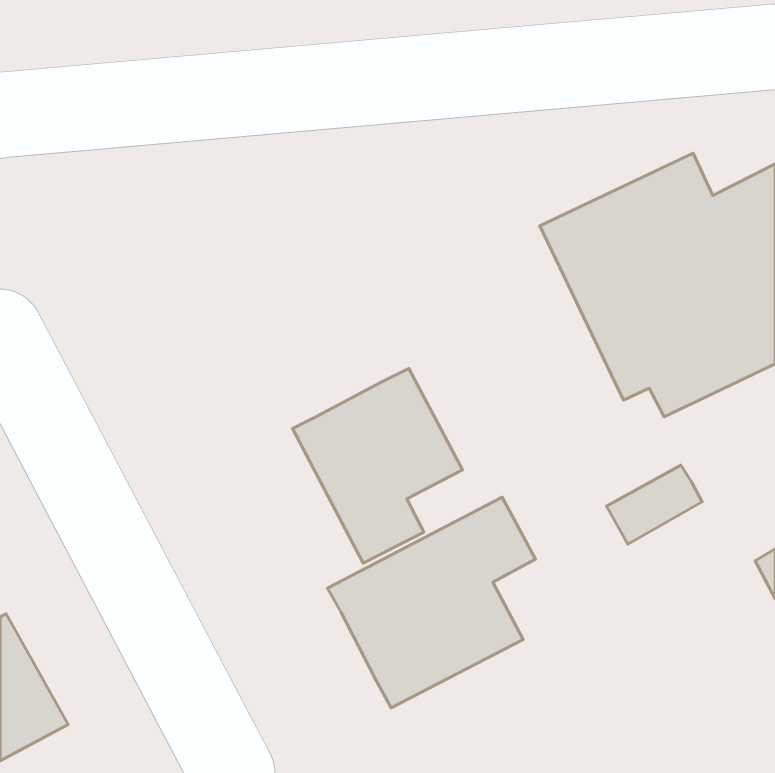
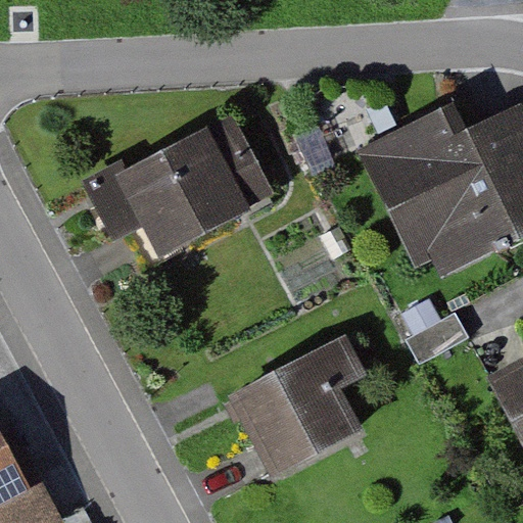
building: none -> [78,112,272,260]
building: [292,368,463,563] -> none

